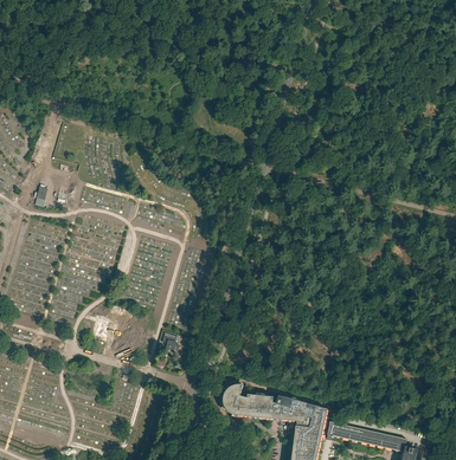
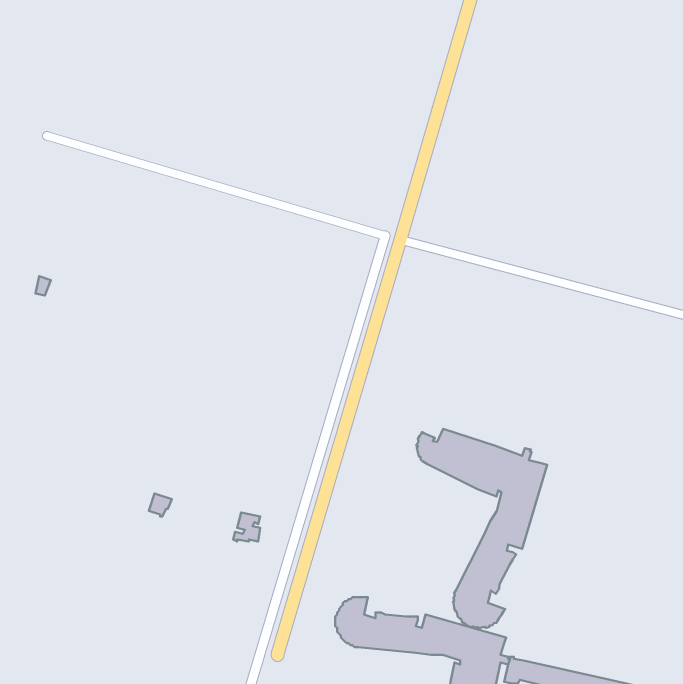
building: none -> [416,429,547,628]

